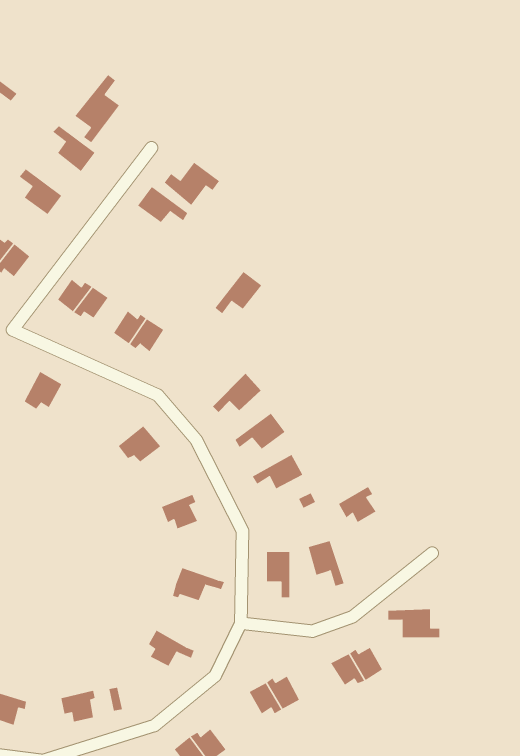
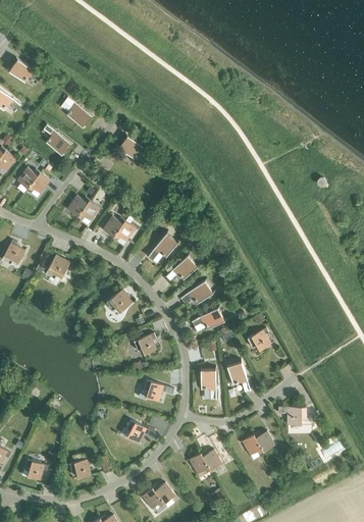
building: [75,74,120,143] -> none
building: [164,162,220,206] -> none
building: [214,271,262,314] -> [148,232,178,260]

